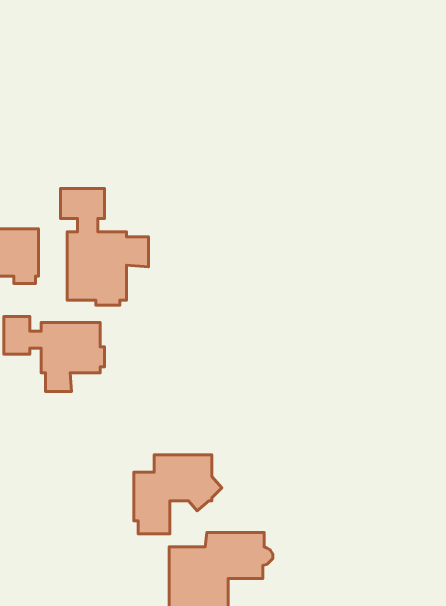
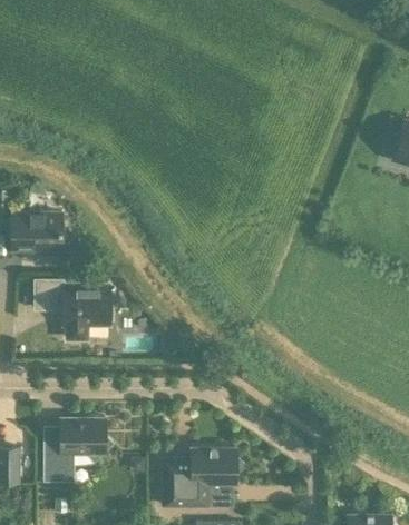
building: [60,189,148,305] -> none
building: [134,455,222,534] -> [45,418,113,479]

